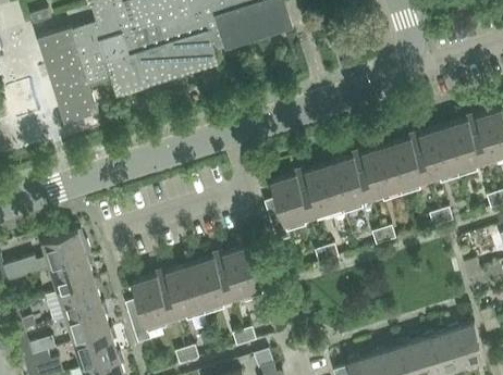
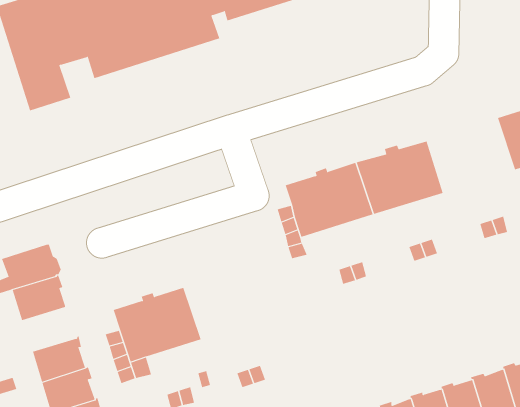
building: [387,129,457,190] -> none
building: [189,248,261,309] -> none
building: [58,280,102,318] -> none

